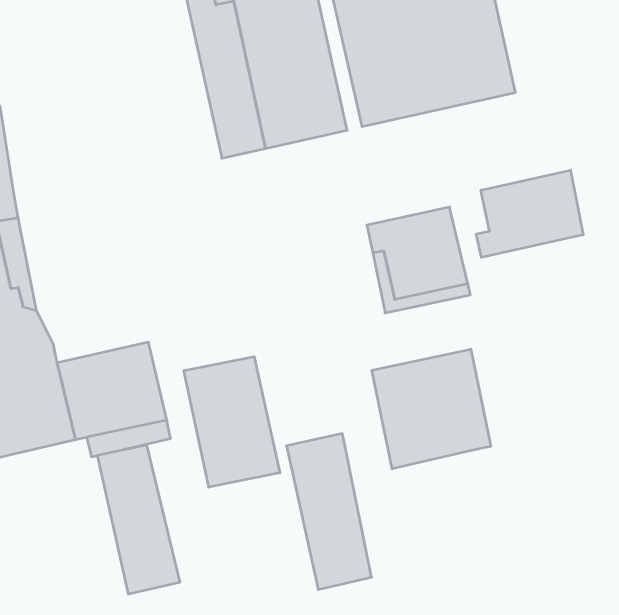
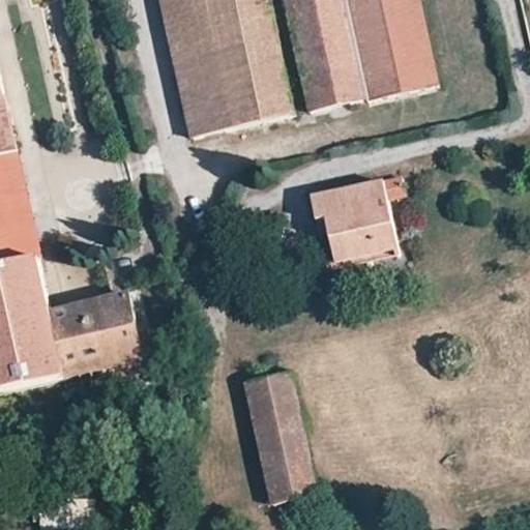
building: [476,170,583,257] -> none
building: [372,349,491,469] -> none
building: [184,357,280,487] -> none
building: [97,445,180,594] -> none

